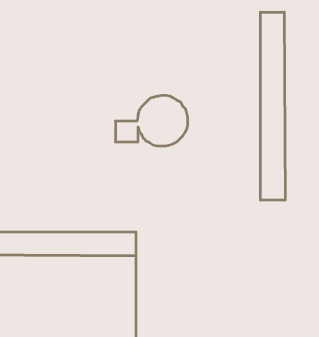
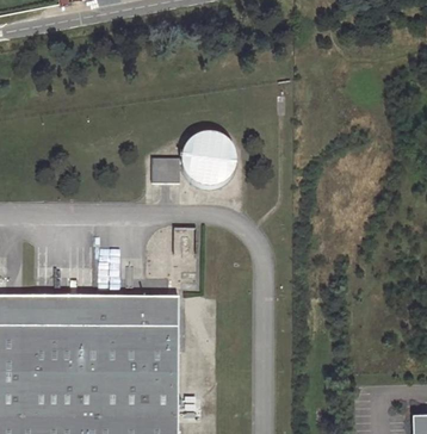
building: [260,12,285,200] -> none

